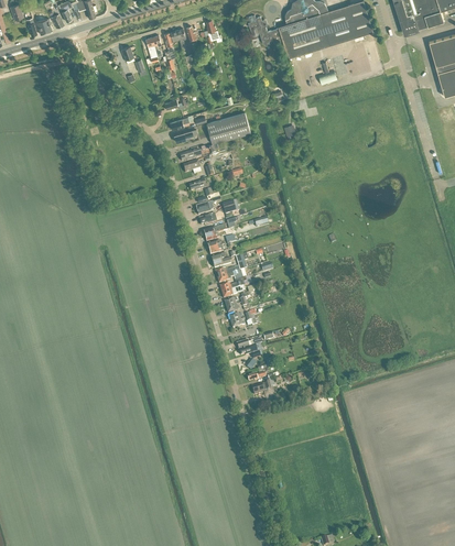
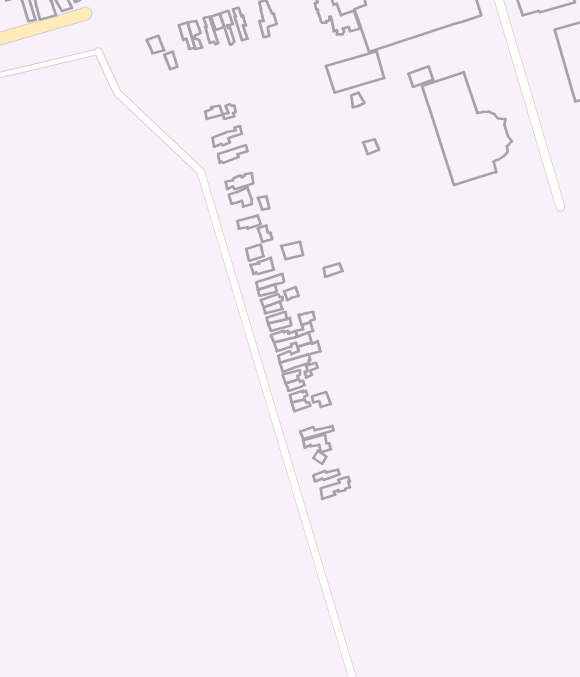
building: none -> [422,72,512,185]
building: [206,112,250,143] -> [326,52,384,93]

